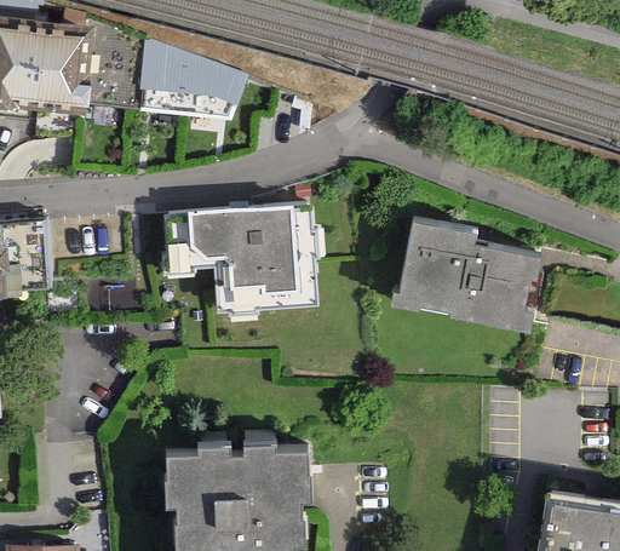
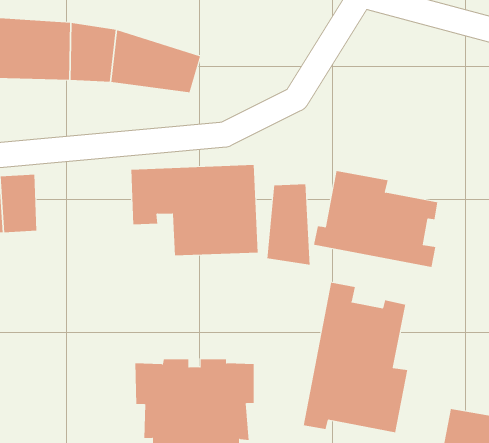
building: none -> [267,183,310,266]
building: none -> [303,282,408,433]

